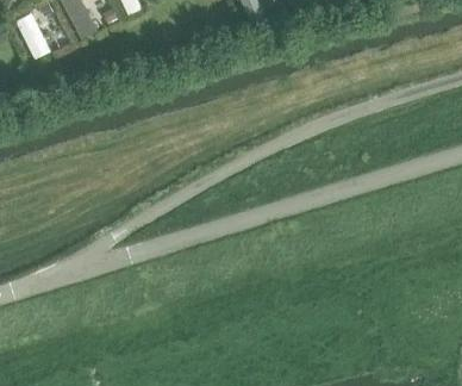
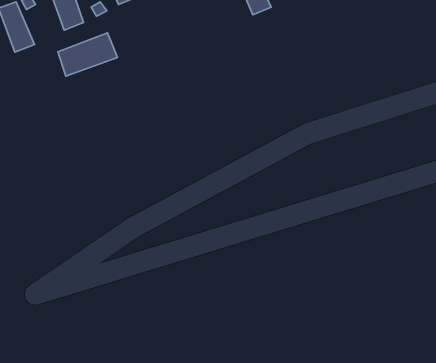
building: none -> [58,33,117,76]

